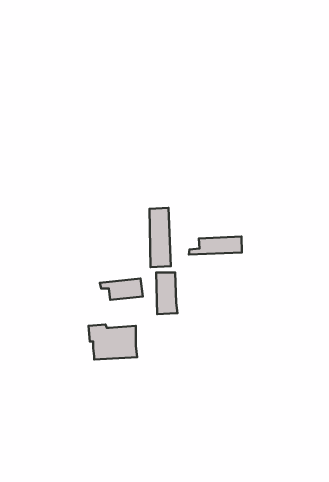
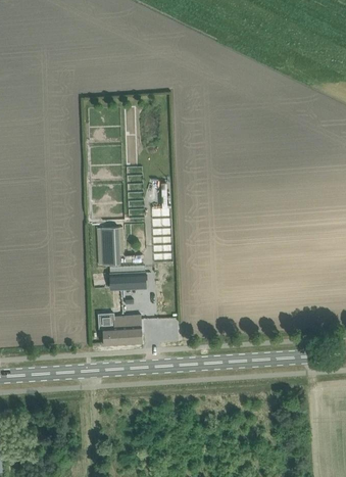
building: [189,237,242,255] -> none
building: [156,273,177,314] -> [101,228,120,266]

